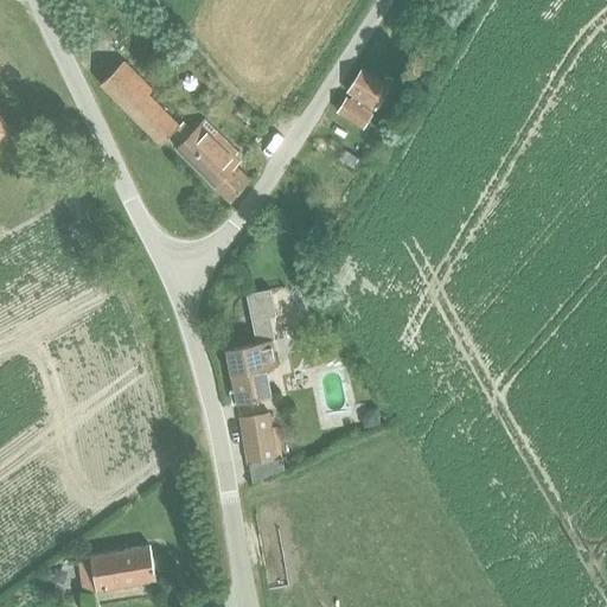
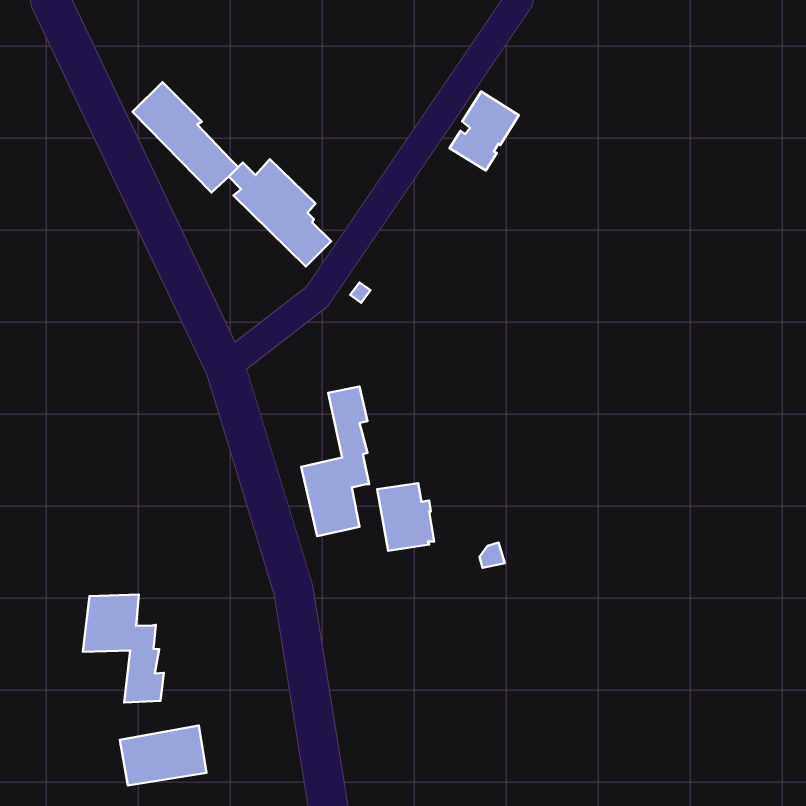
building: [238,413,281,464] -> [377,483,434,551]
building: none -> [83,594,164,703]

